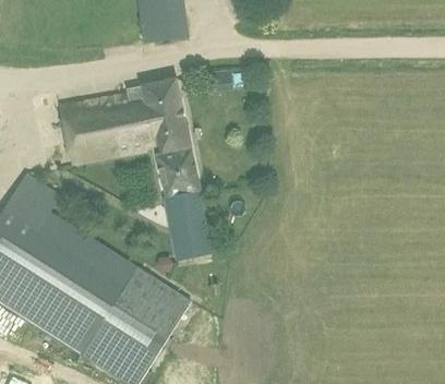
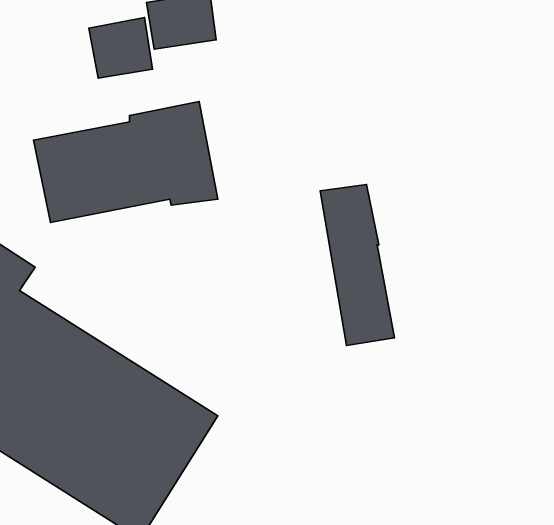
building: none -> [89,17,153,78]
building: [157,148,209,262] -> [320,184,394,345]

